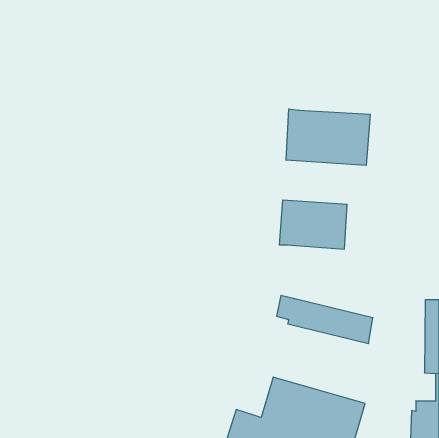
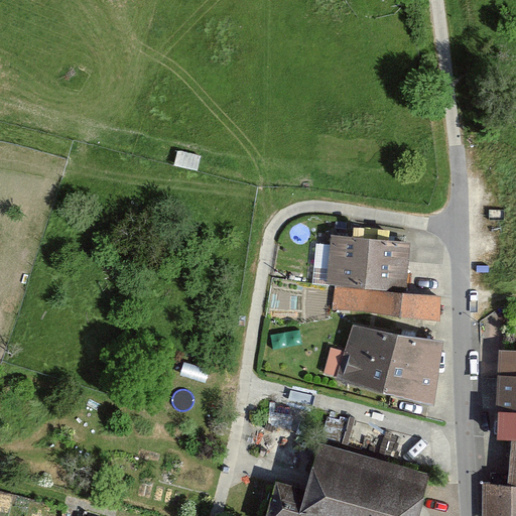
building: [286,109,370,165] -> none
building: none -> [335,288,438,317]
building: none -> [346,327,441,374]

